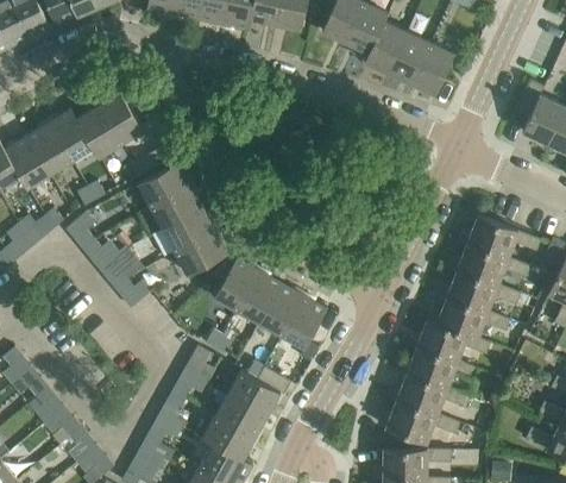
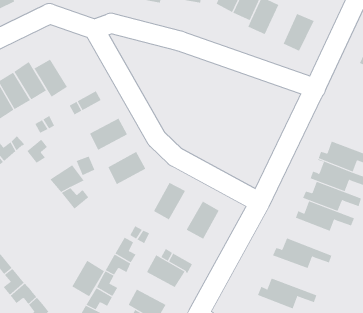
building: [389,32,432,84] -> none
building: [99,90,144,143] -> none
building: [138,162,191,206] -> none
building: [163,207,215,251] -> none
building: [80,237,128,268] -> none
building: [214,258,259,310] -> none
building: [259,283,304,335] -> none
building: [409,319,490,370] -> none
building: [389,370,470,424] -> none
building: none -> [71,260,105,297]
building: [215,393,268,437] -> none

